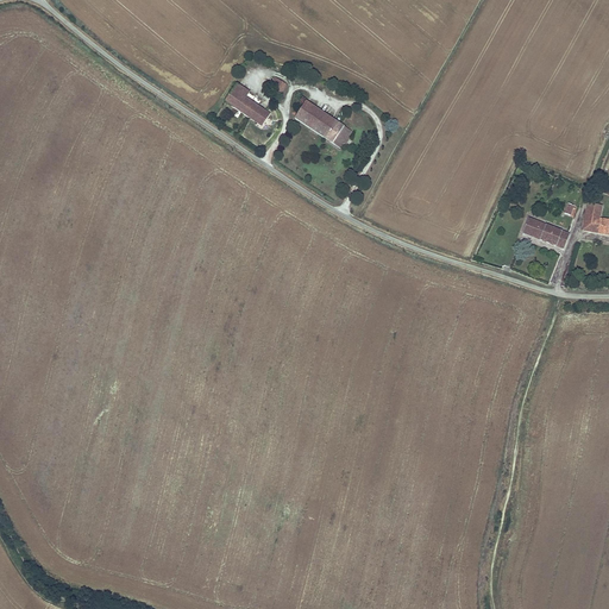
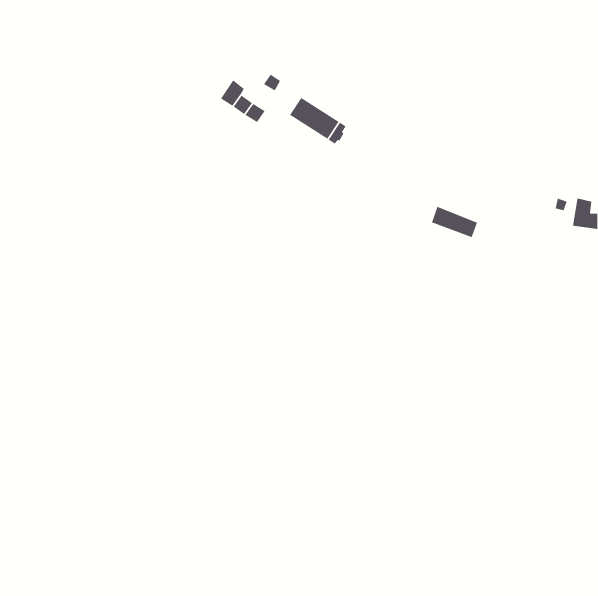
building: [522,215,570,247] -> [431,206,478,238]

